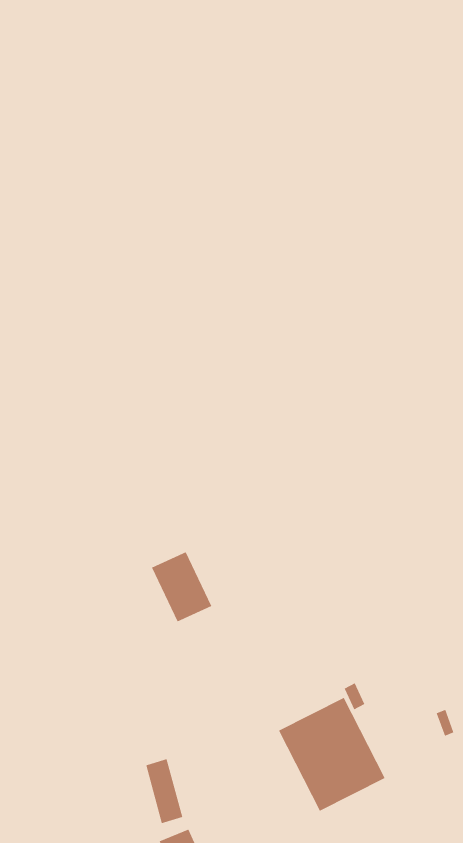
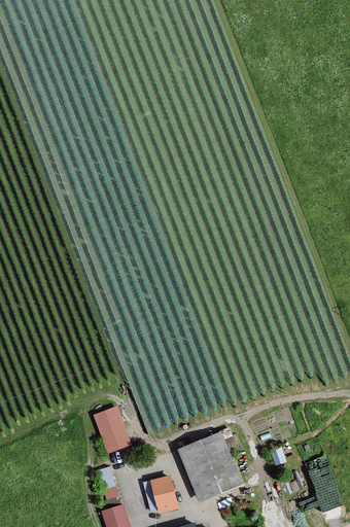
building: [151,552,212,622] -> [94,409,129,451]
building: none -> [153,476,178,510]

